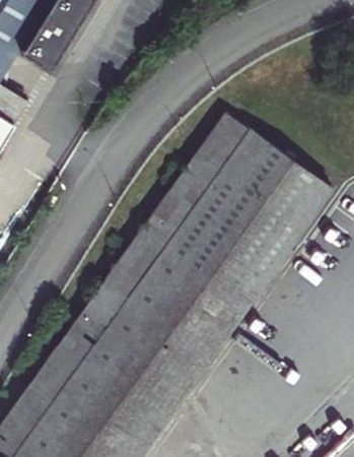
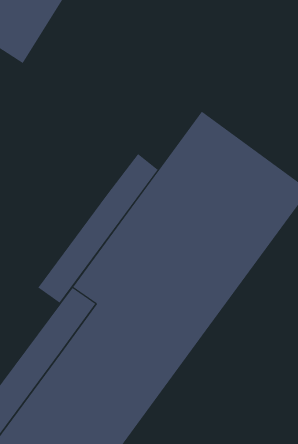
building: none -> [37,153,158,303]

